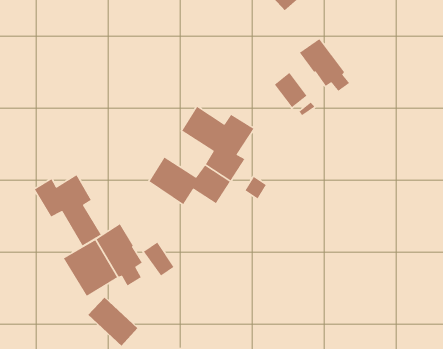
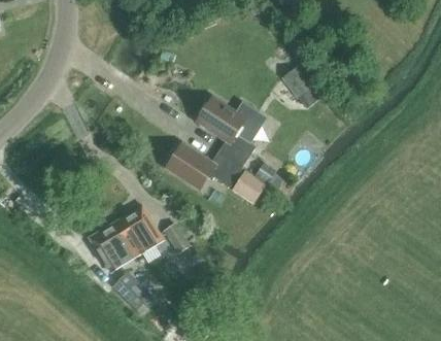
building: [299,38,350,92] -> none
building: [34,174,102,247] -> none
building: none -> [231,171,265,204]

